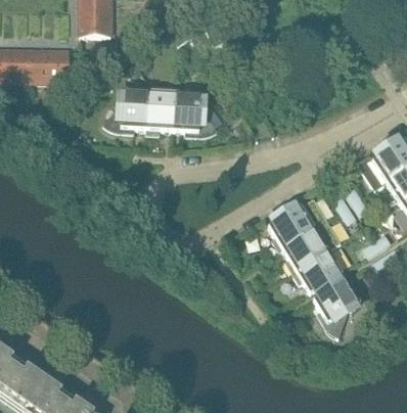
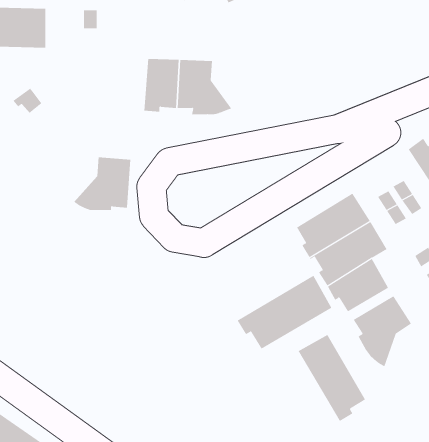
building: [103,87,149,131] -> [73,157,131,212]
building: none -> [237,275,332,349]
building: none -> [298,334,366,422]

